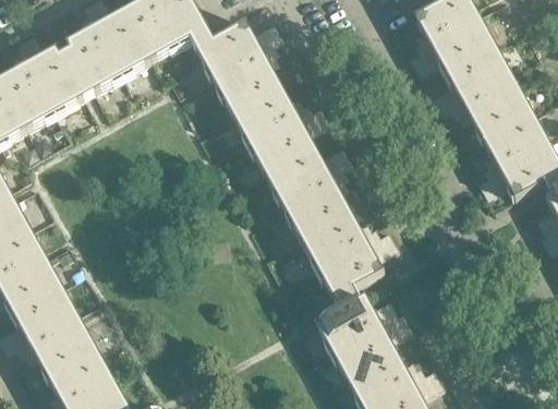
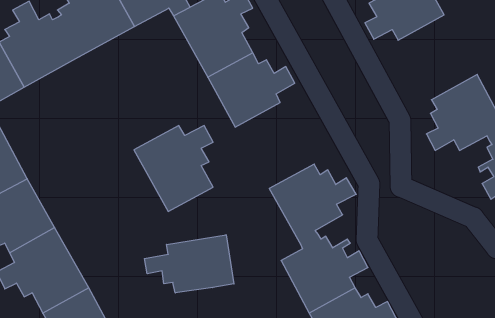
building: [430,48,534,143] -> none
building: [264,146,352,242] -> [134,126,213,211]
building: none -> [144,235,234,293]

